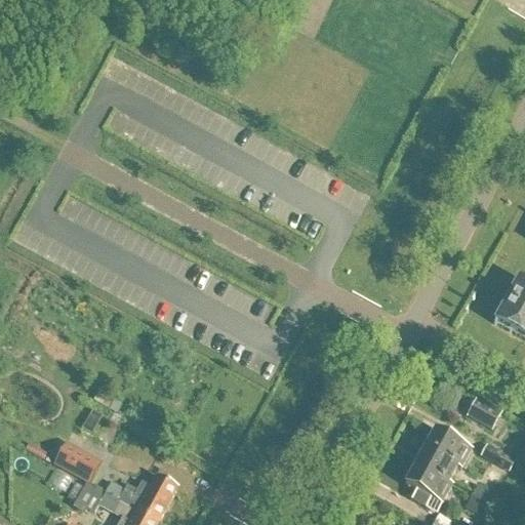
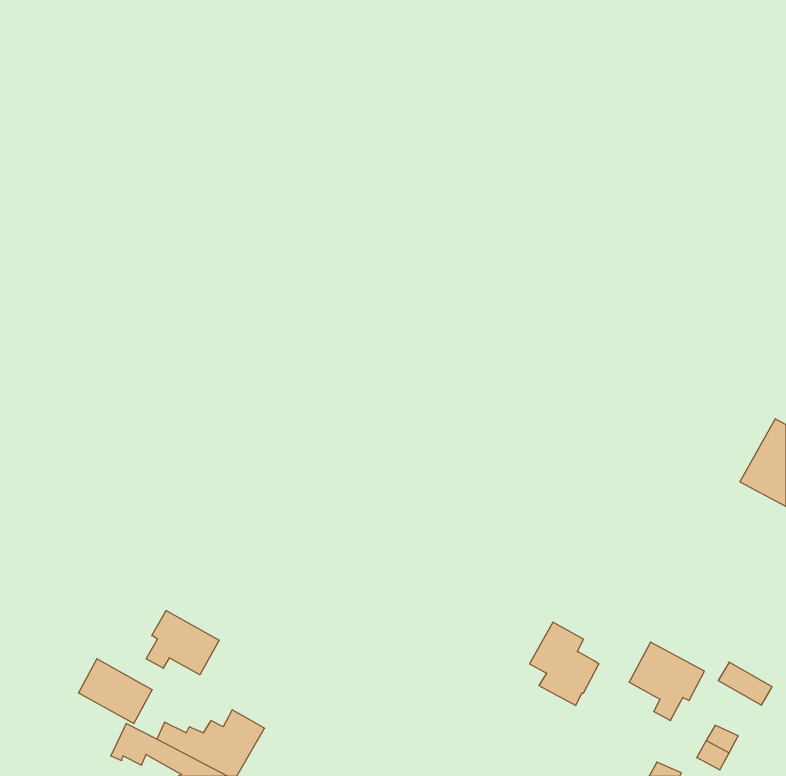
building: [465,394,501,428] -> none
building: none -> [146,611,219,675]
building: [404,454,450,510] -> [530,622,599,705]

